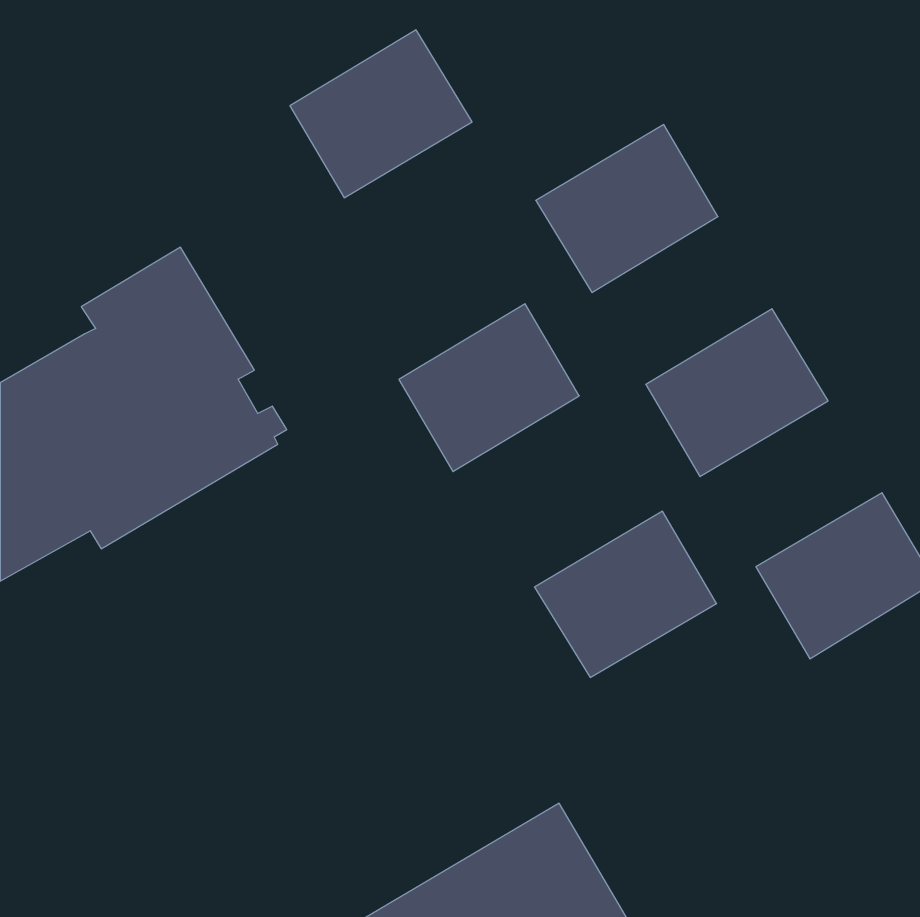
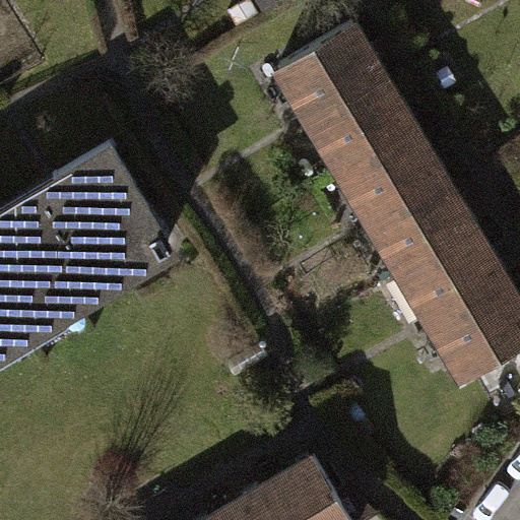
building: [290,30,472,198] -> [272,21,375,116]
building: [399,304,579,472] -> [334,125,436,219]
building: [534,511,717,677] -> [395,229,498,322]

